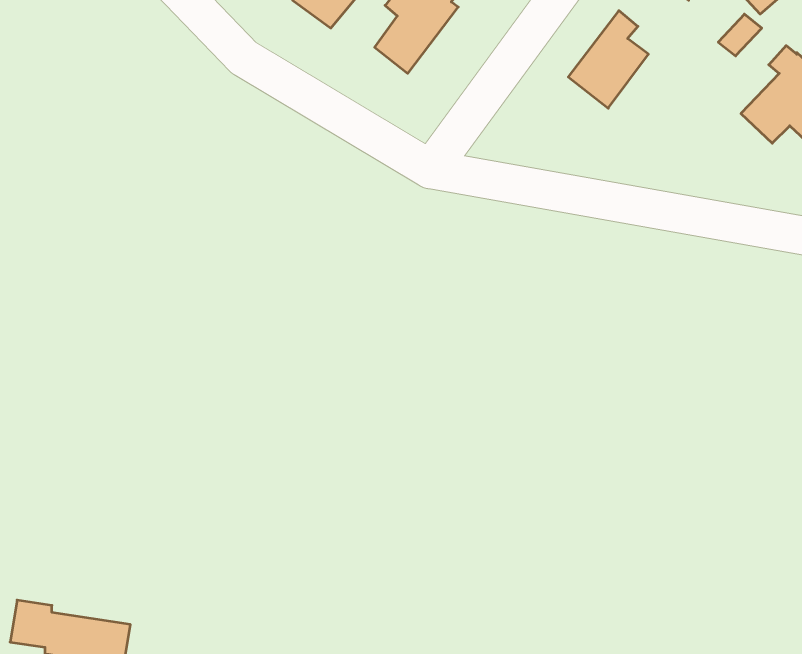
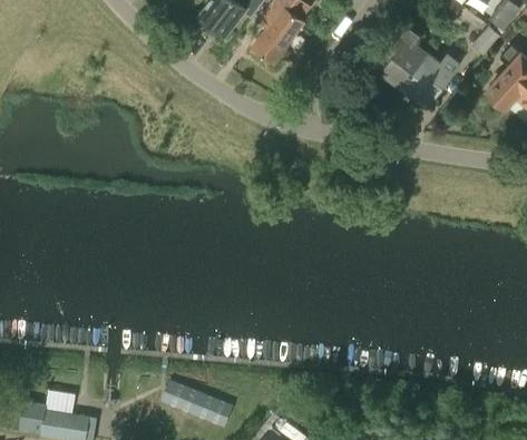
building: none -> [401,53,459,108]
building: none -> [160,381,233,428]

